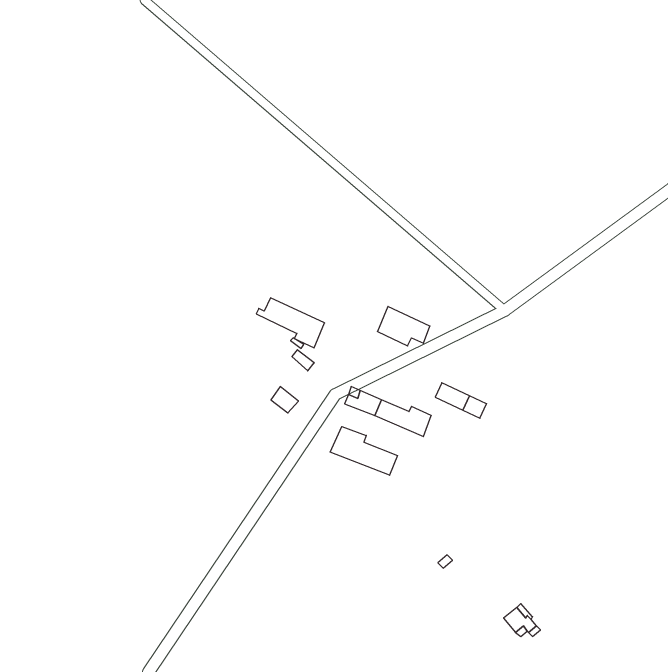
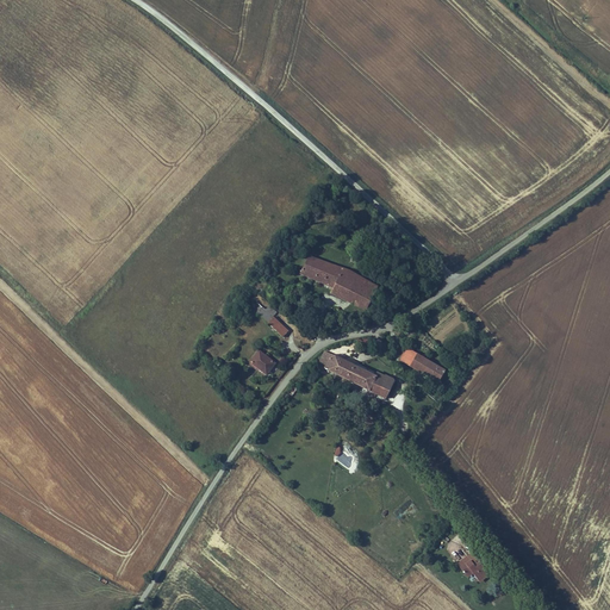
building: [256,298,325,348] -> [293,255,355,300]
building: [330,427,397,475] -> none

